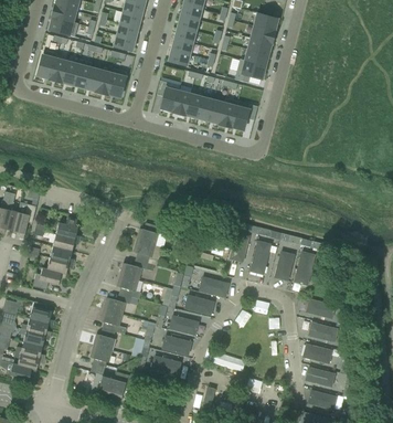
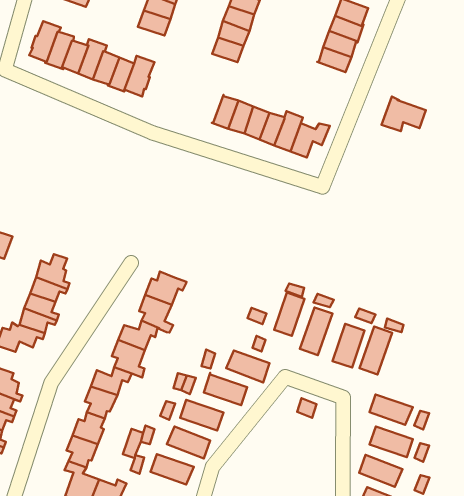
building: [234,60,265,84] -> [382,96,426,131]
building: [157,82,180,113] -> none

